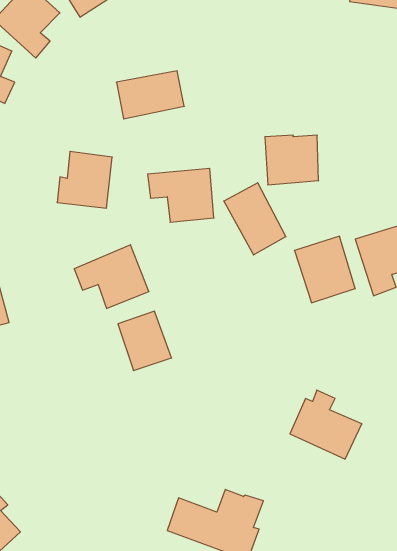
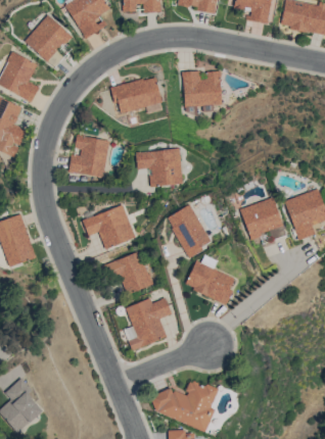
building: [265,135,319,185] -> [183,70,222,106]
building: [224,183,286,255] -> [167,204,212,256]
building: none -> [126,297,172,350]
building: [290,390,362,459] -> [185,254,237,304]

